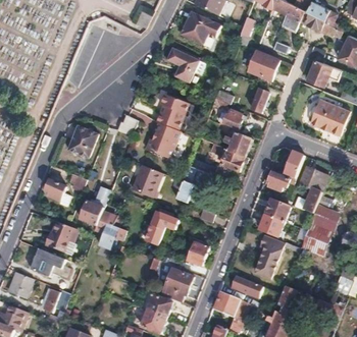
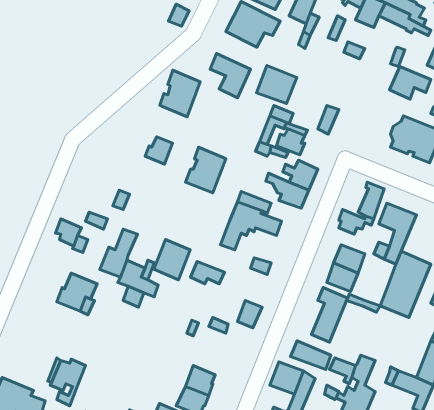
building: [247,51,278,80] -> [256,66,297,103]
building: [155,95,187,131] -> [160,70,200,117]
building: [67,126,97,158] -> none
building: [133,165,161,196] -> [154,239,190,280]
building: [29,248,70,280] -> none
building: [161,269,192,302] -> none
building: [7,272,32,298] -> none

